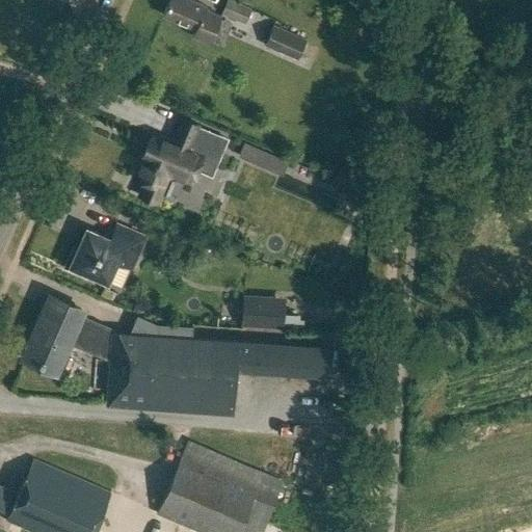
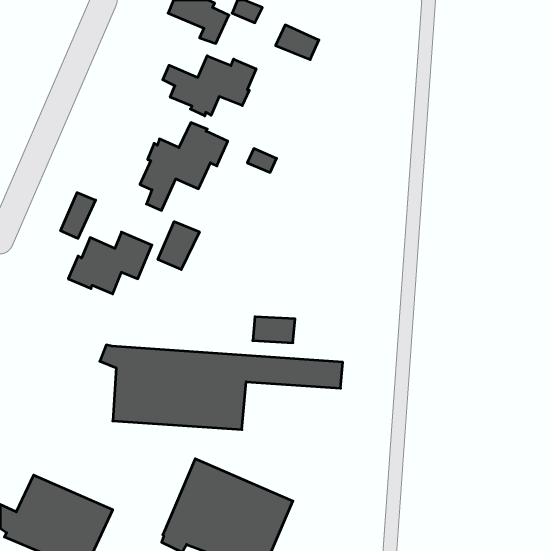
building: none -> [163,56,256,116]
building: none -> [61,193,96,238]
building: none -> [158,222,199,270]
building: [26,297,105,374] -> none

